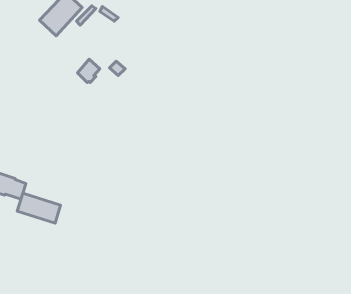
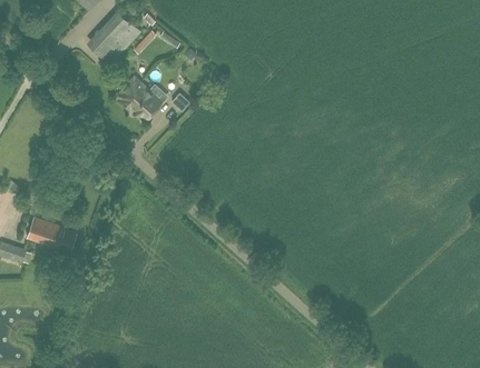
building: none -> [118,77,148,107]
building: [17,193,61,223] -> none

